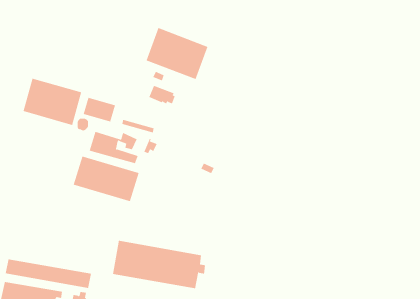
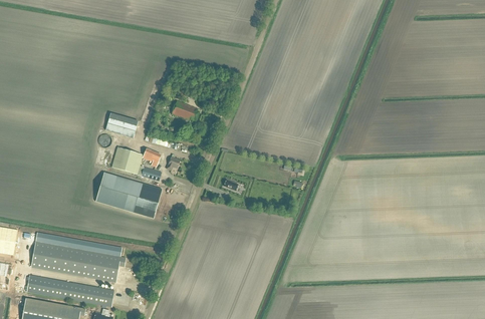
building: [146,27,208,80] -> none
building: [23,78,82,126] -> none
building: [112,240,206,289] -> [30,232,125,281]

